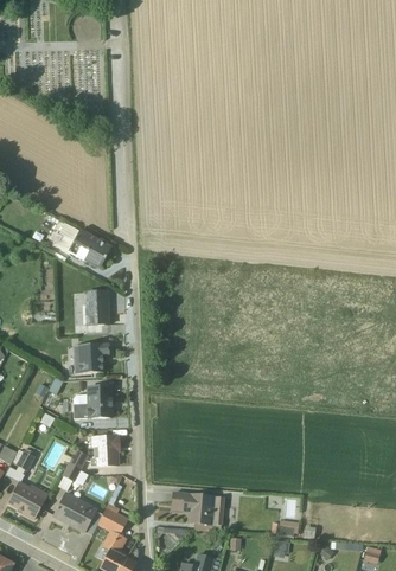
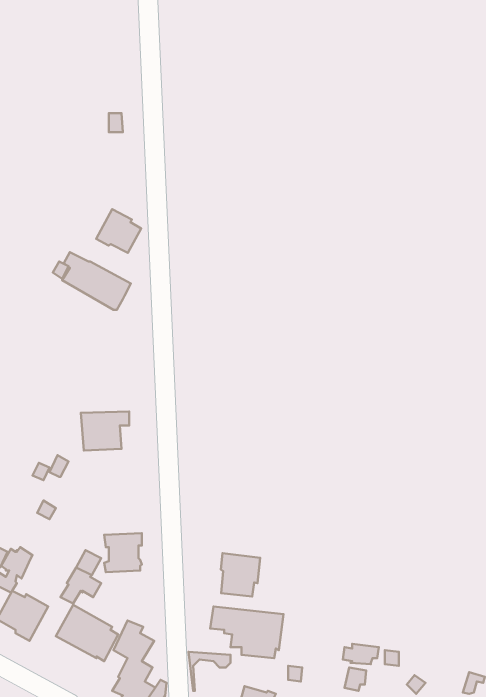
building: none -> [96,209,141,253]
building: [85,291,109,326] -> none
building: [74,387,111,419] -> none
building: none -> [221,553,260,596]

